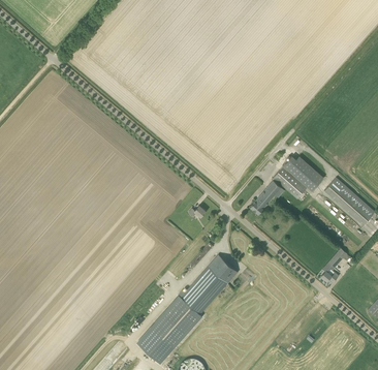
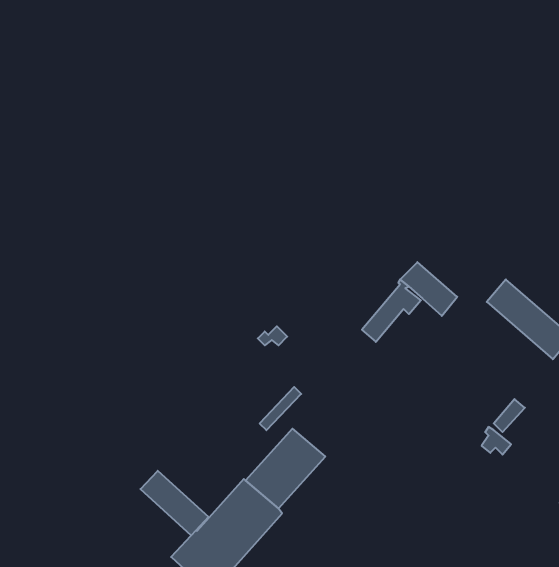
building: [283,156,323,192] -> none
building: [209,255,238,283] -> none
building: none -> [140,471,208,535]

